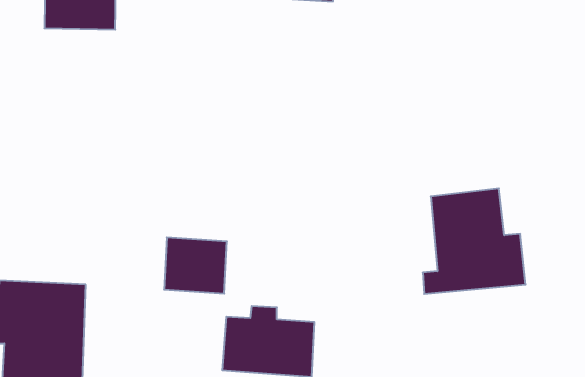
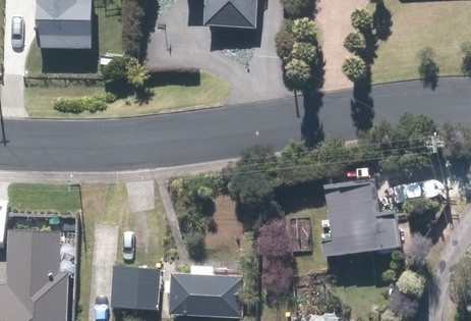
building: [164,237,227,294] -> [108,264,156,307]

